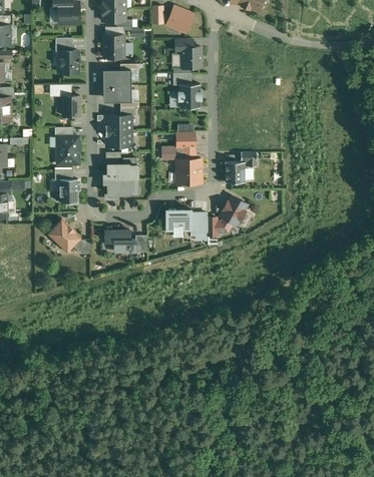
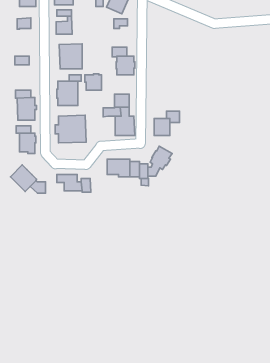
building: [181,48,201,69] -> none
building: [58,51,78,73] -> none
building: [61,96,79,116] -> none
building: none -> [85,74,102,90]

